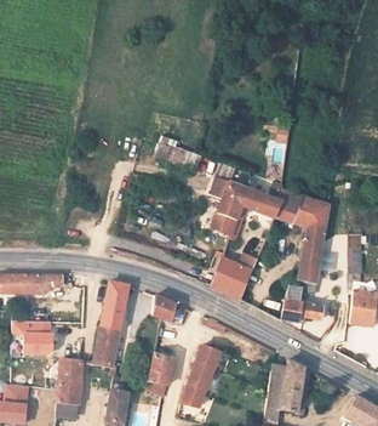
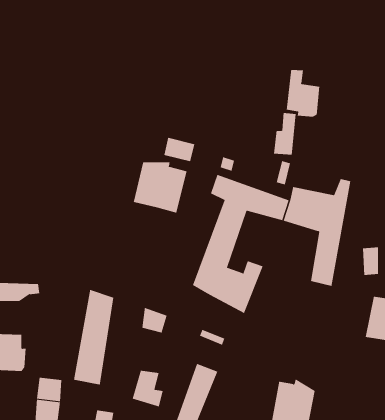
building: none -> [286,69,320,117]
building: none -> [133,161,187,213]
building: [281,274,326,322] -> none

